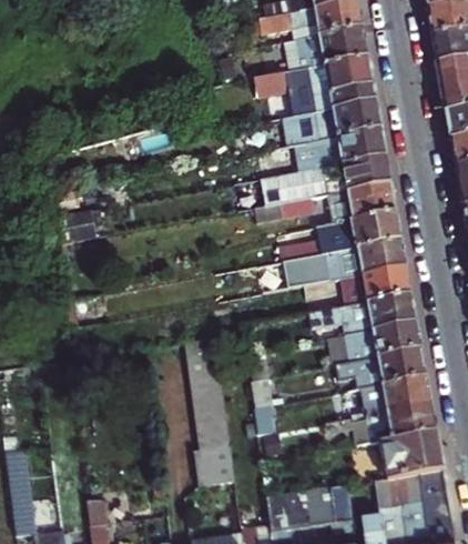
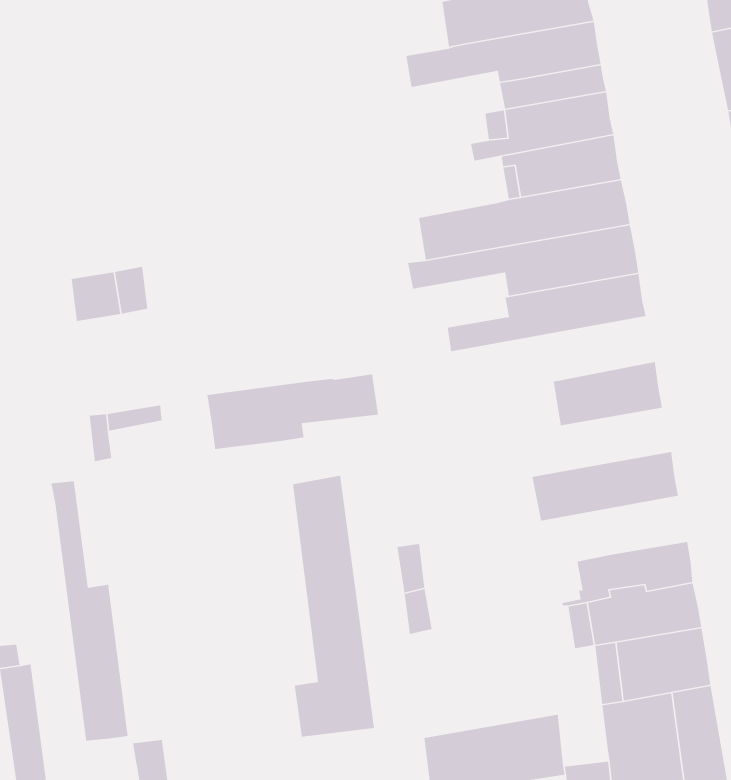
building: [281,239,407,289] -> none
building: none -> [207,374,379,450]
building: [307,295,417,335] -> none
building: none -> [50,480,129,742]
building: [336,350,427,393] -> none

